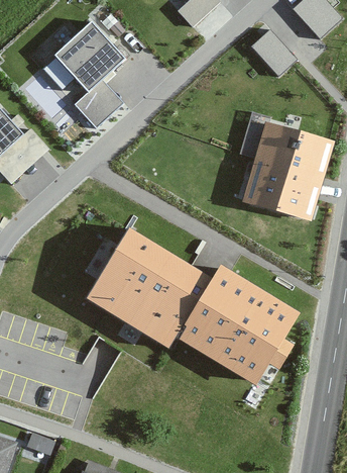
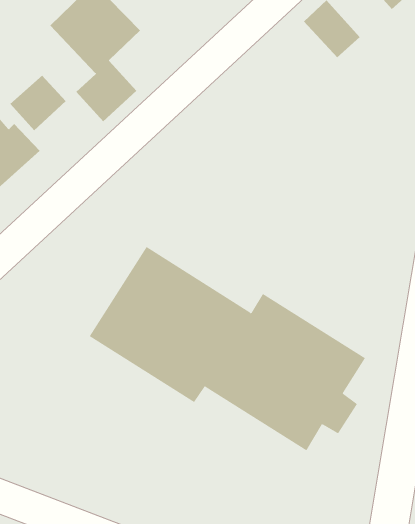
building: none -> [10,75,67,131]
building: [232,127,322,225] -> none

